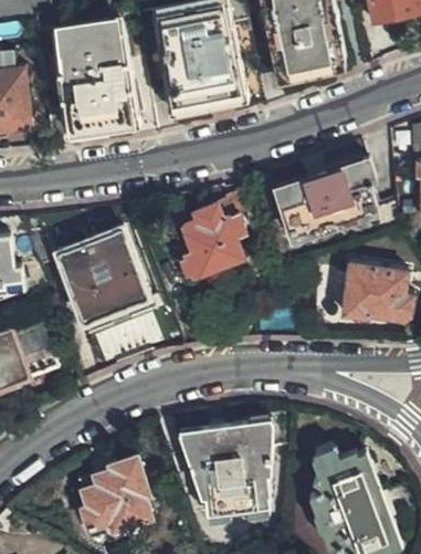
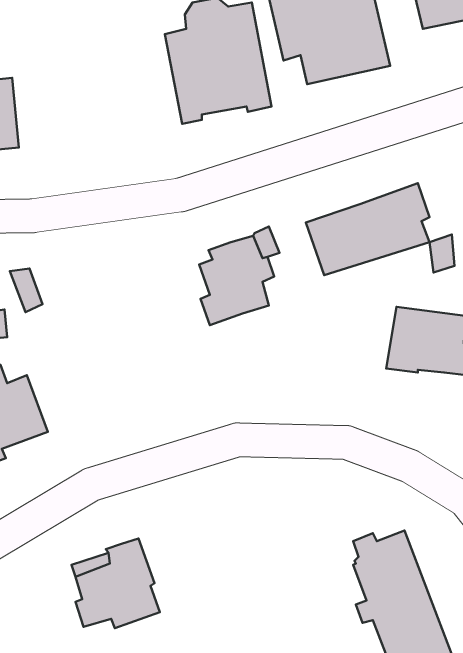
building: [56,20,136,122] -> none
building: [56,226,152,334] -> none
building: [177,421,272,511] -> none

